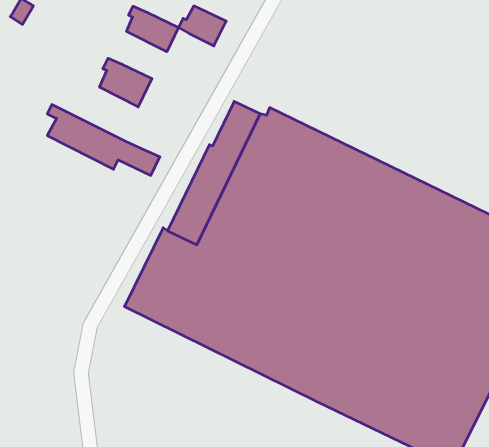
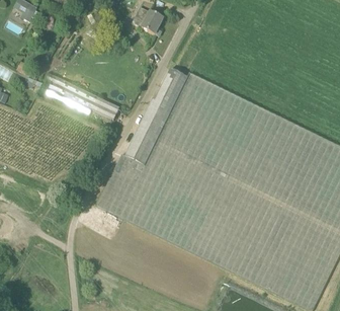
building: [127,6,178,52] -> none
building: [100,58,152,107] -> none

